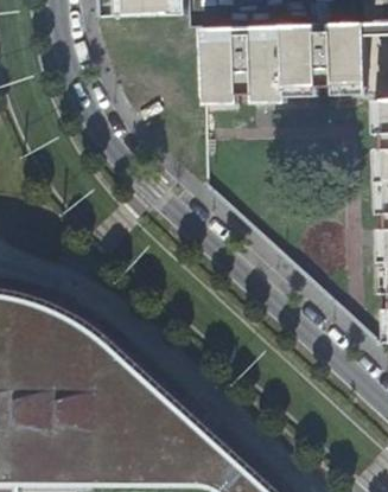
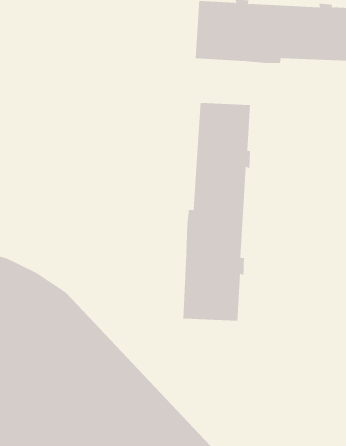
building: none -> [183,102,251,322]

